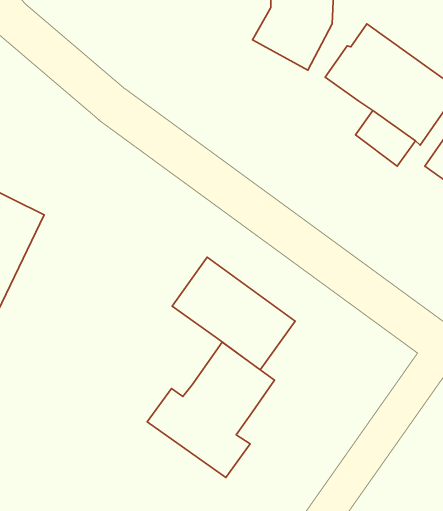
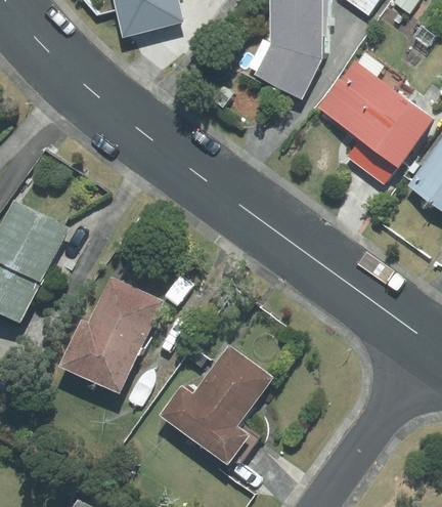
building: [172,257,295,370] -> none
building: none -> [59,278,161,391]

